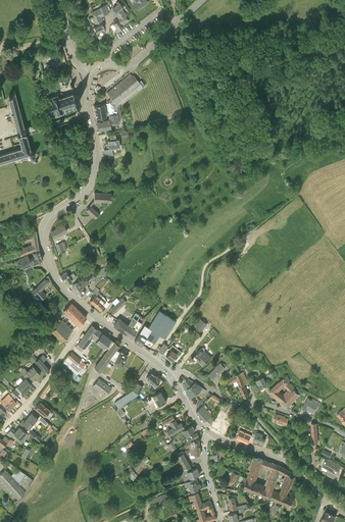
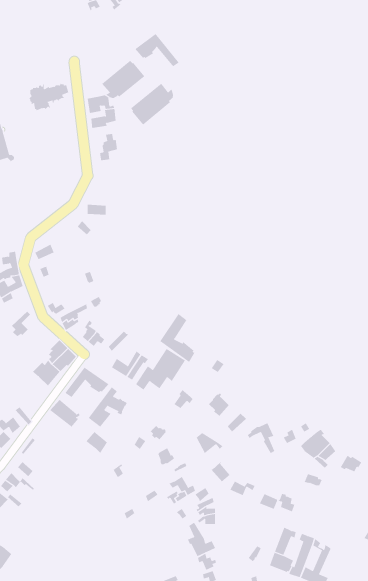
building: none -> [134,33,180,67]
building: none -> [130,83,173,125]
building: none -> [160,313,195,363]

